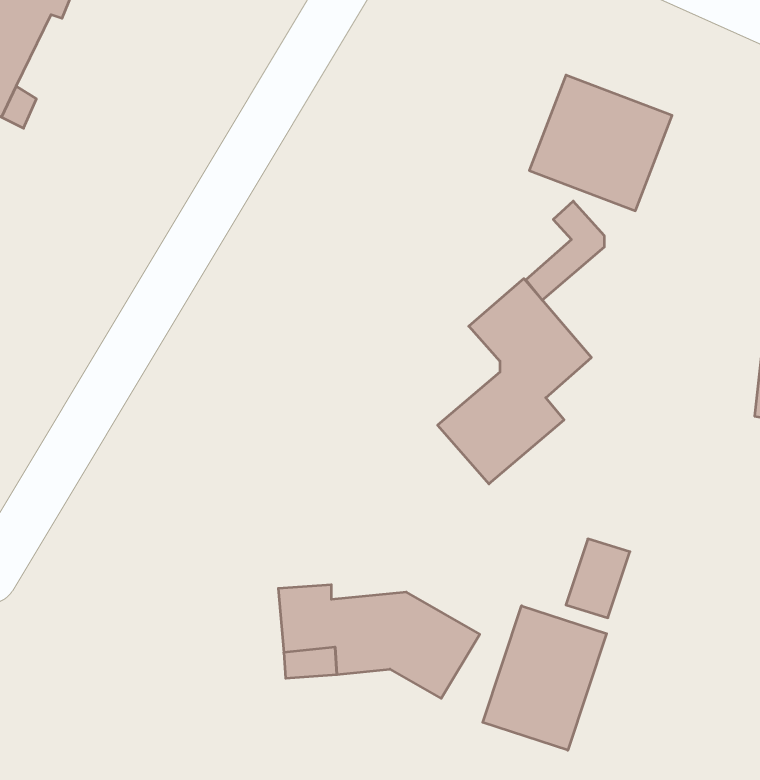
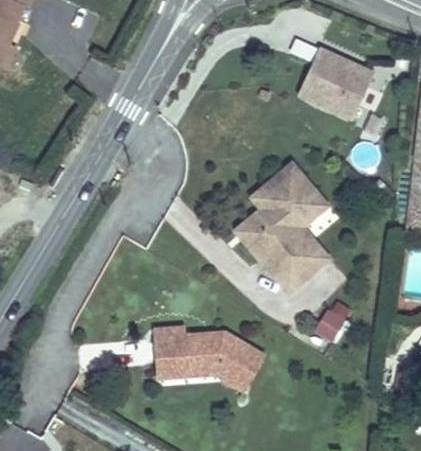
building: [526,201,604,300] -> [234,185,277,239]
building: none -> [271,236,329,289]
building: [483,606,607,750] -> none

